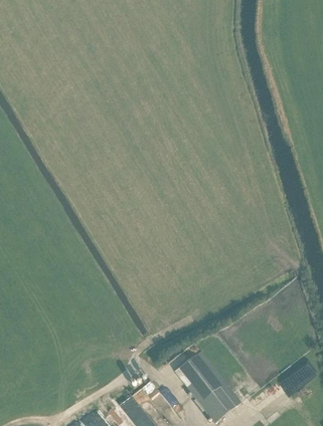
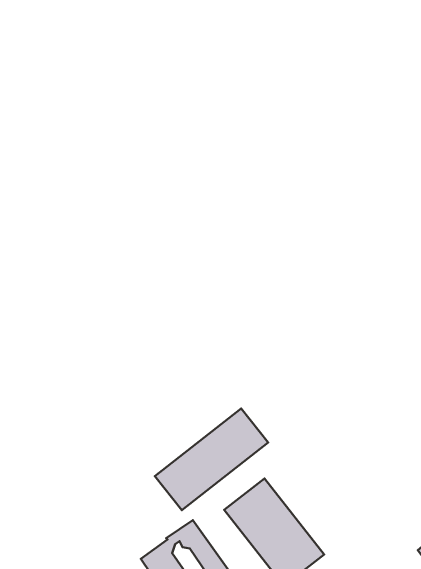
building: none -> [155,408,268,510]

